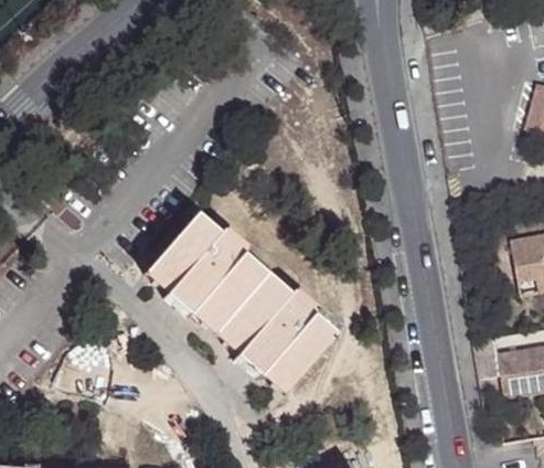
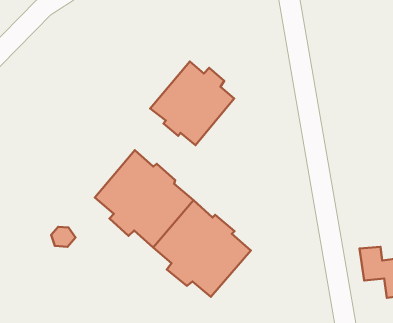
building: none -> [150,62,234,145]

